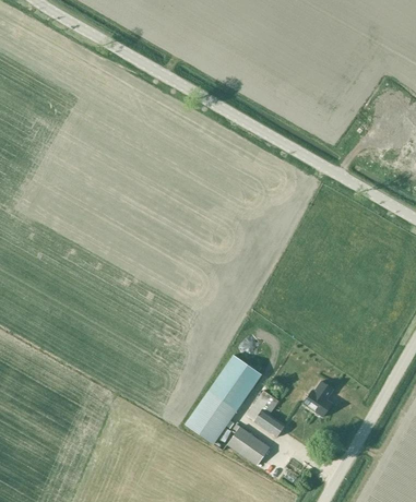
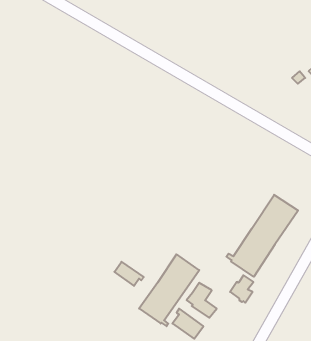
building: none -> [226,195,298,277]
building: none -> [114,262,144,286]

